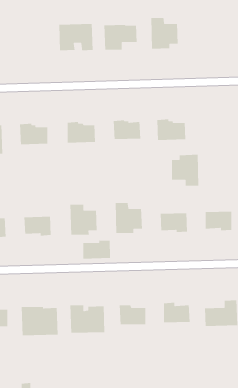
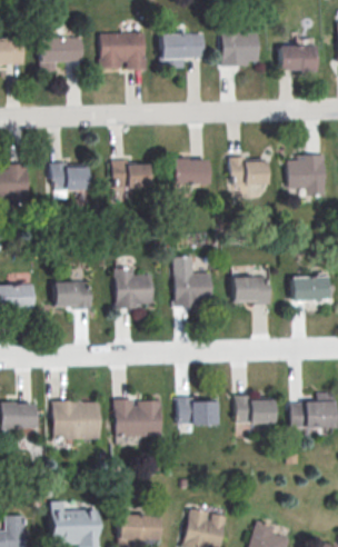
building: none -> [38,37,82,72]
building: none -> [279,44,316,72]
building: [171,154,199,186] -> [287,155,324,197]
building: [82,240,111,259] -> none

